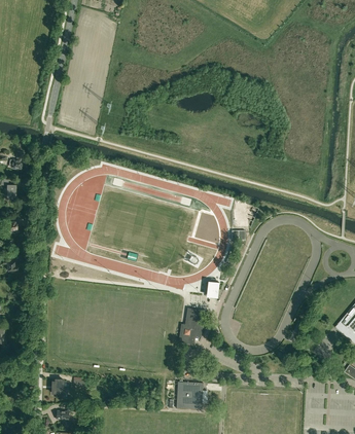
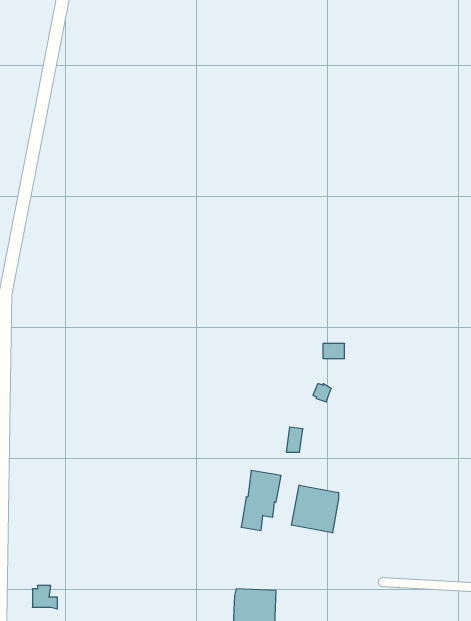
building: none -> [292,485,339,533]

